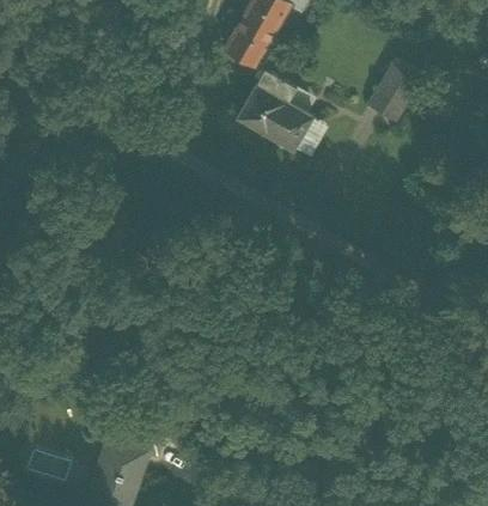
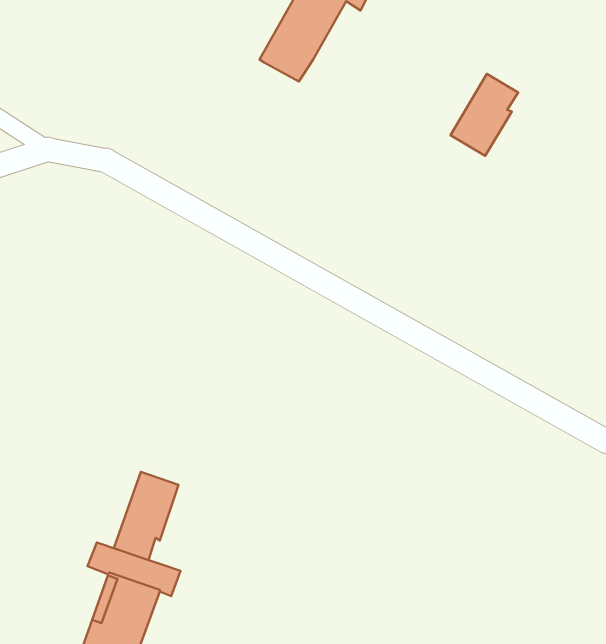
building: [236,71,312,153] -> none
building: none -> [114,472,178,560]

